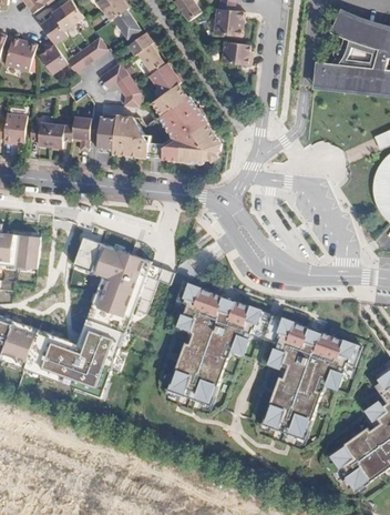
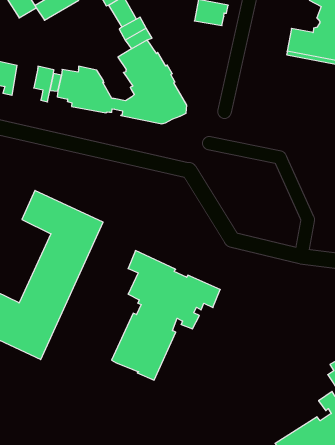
building: [100,62,140,104] -> none
building: [52,118,74,148] -> none
building: [265,320,362,441] -> none

